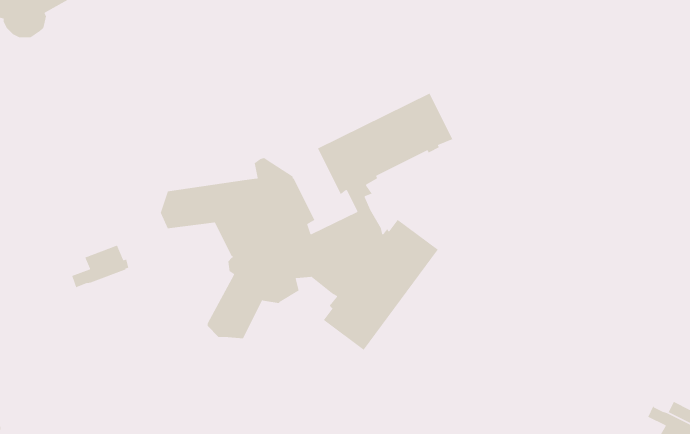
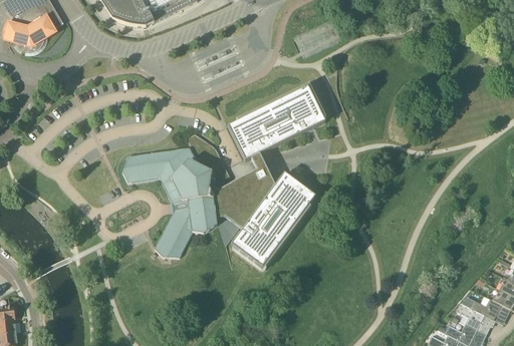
building: [71,245,129,289] -> none

